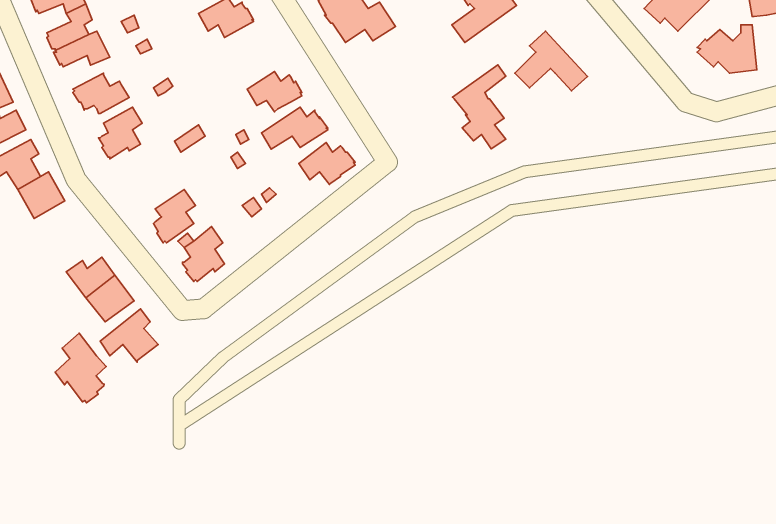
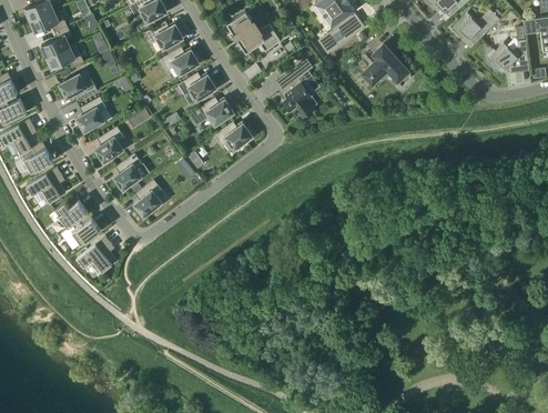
building: none -> [161,47,200,74]
building: [453,65,506,149] -> [276,59,313,117]
building: none -> [95,125,124,162]
building: none -> [27,167,65,202]
building: [55,333,106,403] -> none

